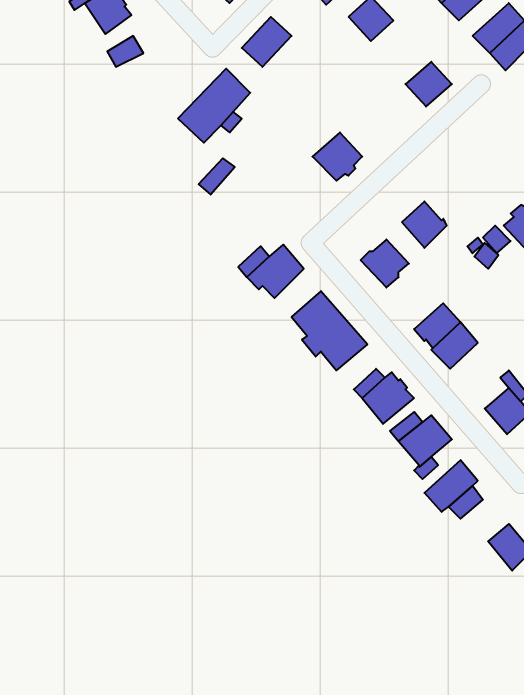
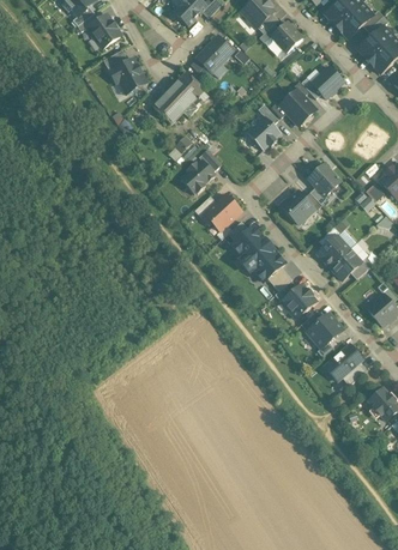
building: none -> [110,58,146,92]
building: none -> [281,89,315,123]
building: none -> [181,158,216,193]

